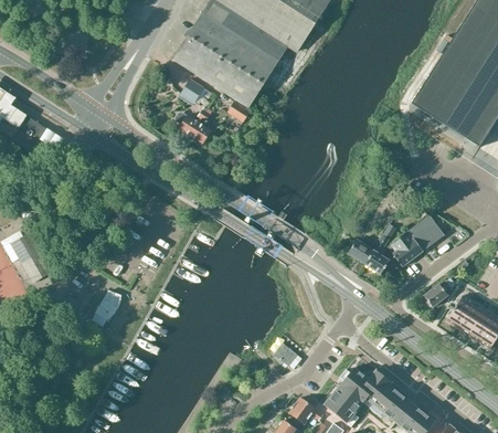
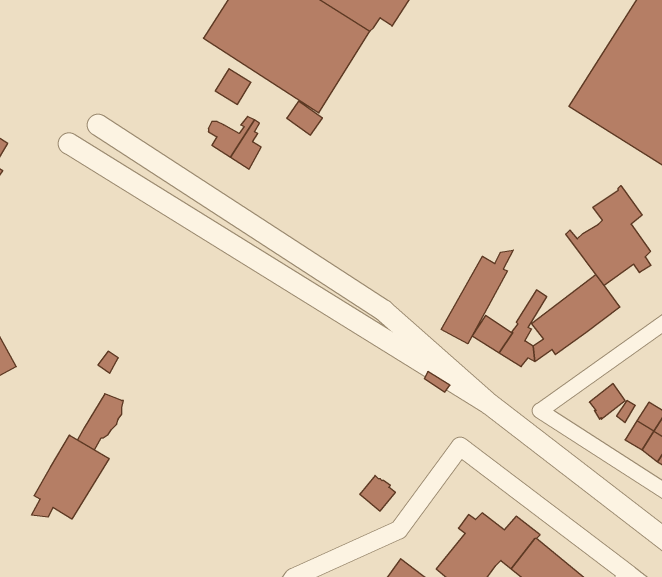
building: none -> [566,186,651,285]
building: none -> [441,250,513,344]
building: none -> [32,435,109,519]

